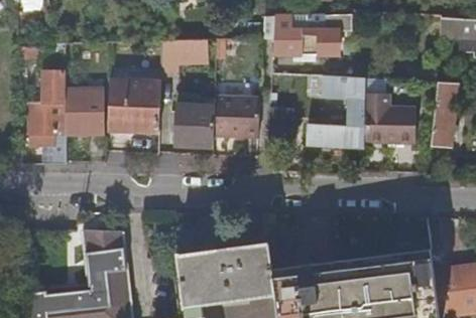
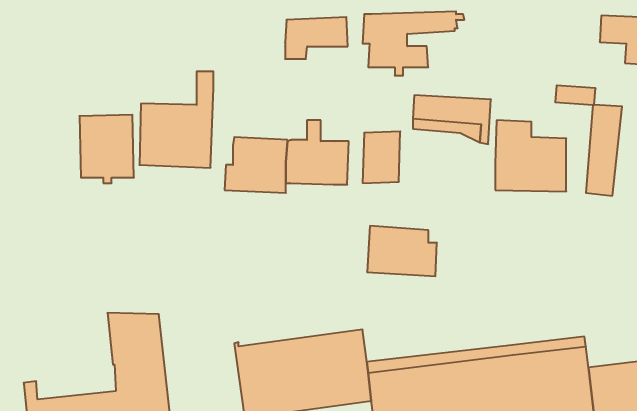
building: [162,40,208,70] -> [285,17,348,59]
building: [27,45,68,165] -> none
building: [310,112,360,148] -> [367,226,437,276]

